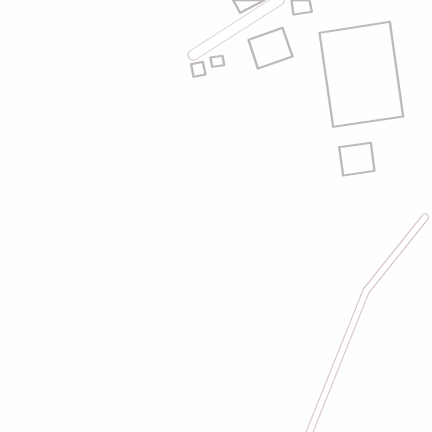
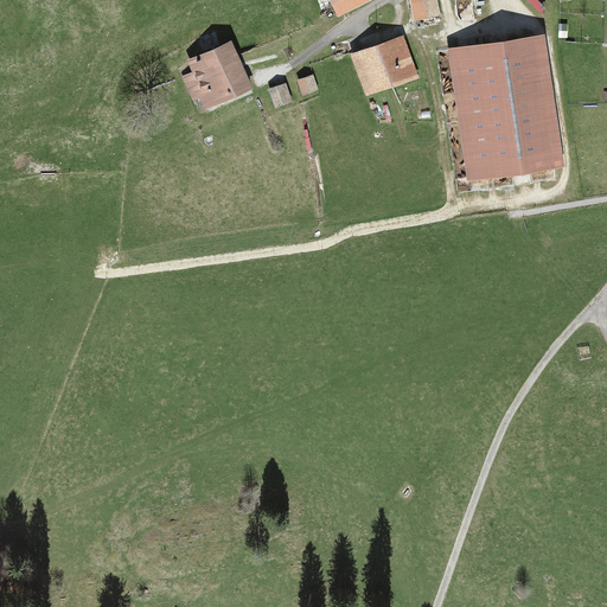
building: none -> [184,41,251,109]
building: [339,143,375,176] -> none

